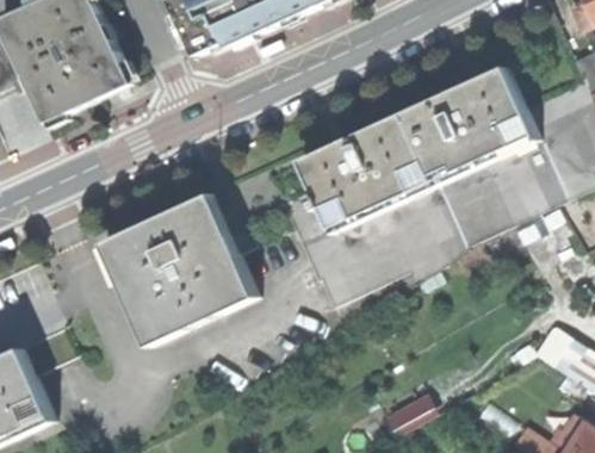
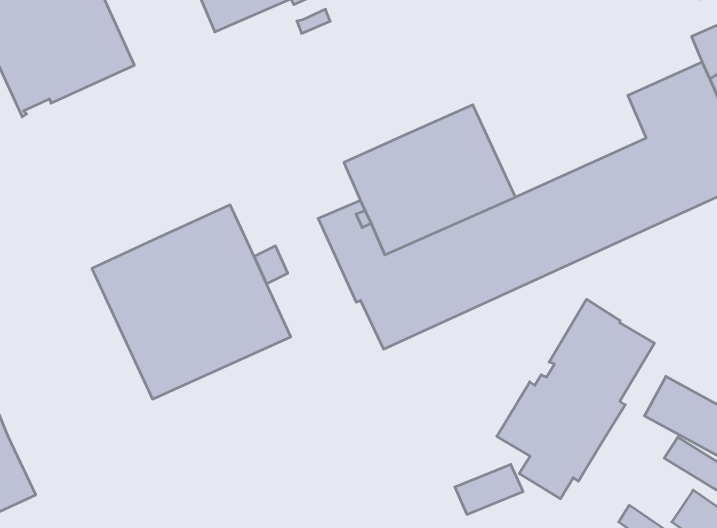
building: [401,66,537,185] -> none
building: none -> [497,299,654,499]

